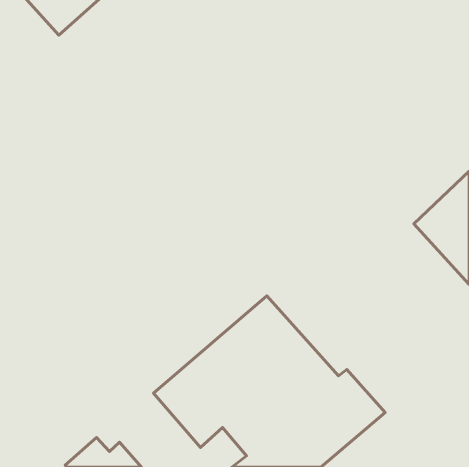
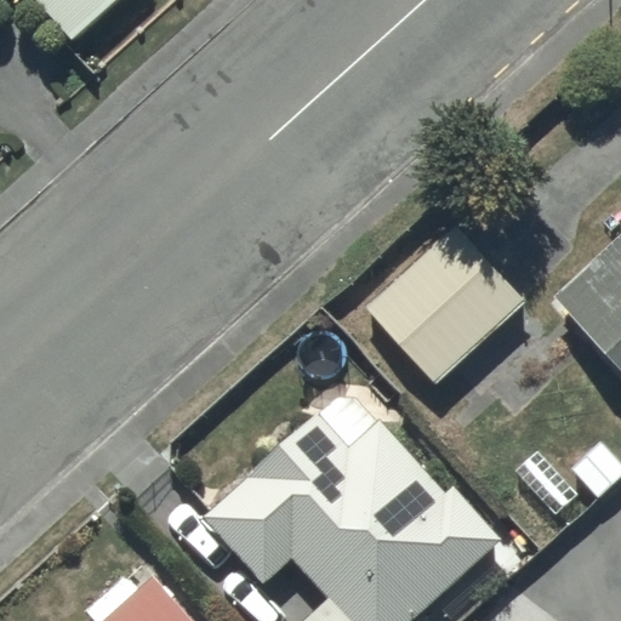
building: none -> [363,223,530,389]

